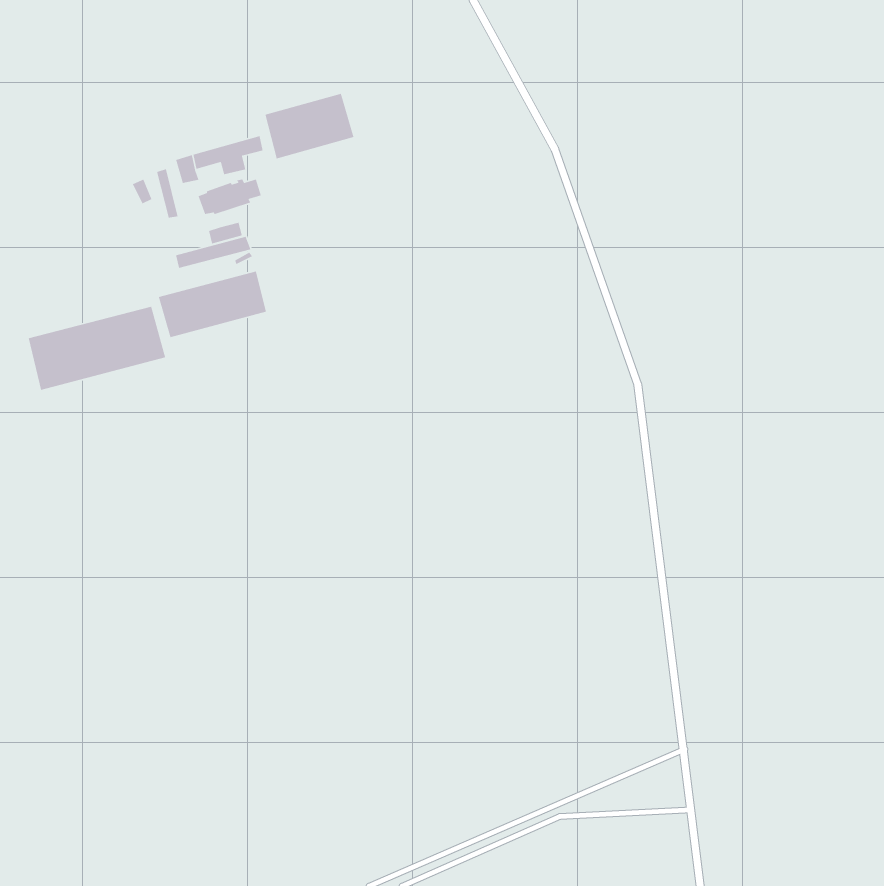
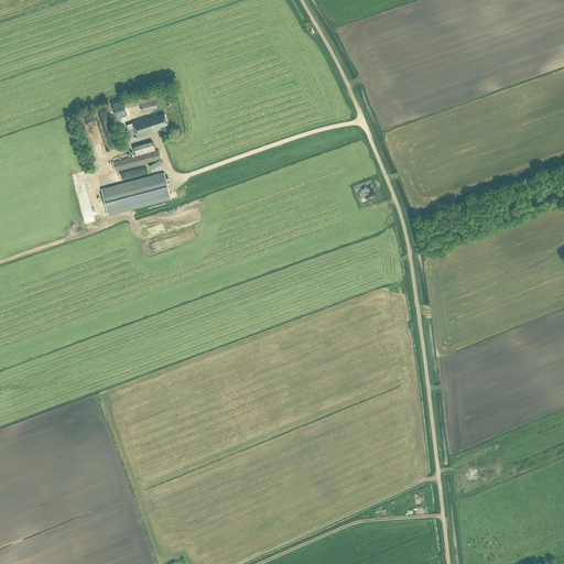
building: [264,93,354,160] -> none
building: [28,306,166,391] -> none

